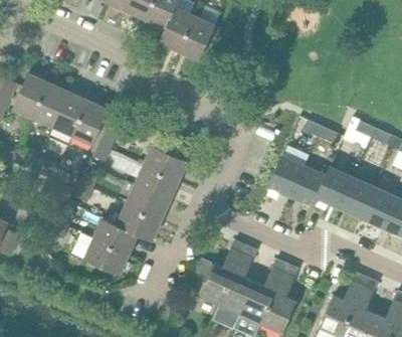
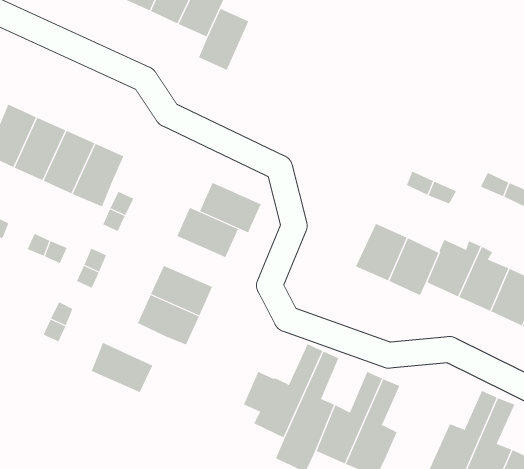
building: [180,16,215,59] -> none
building: [136,165,179,200] -> [199,182,262,233]
building: [93,219,137,255] -> none

